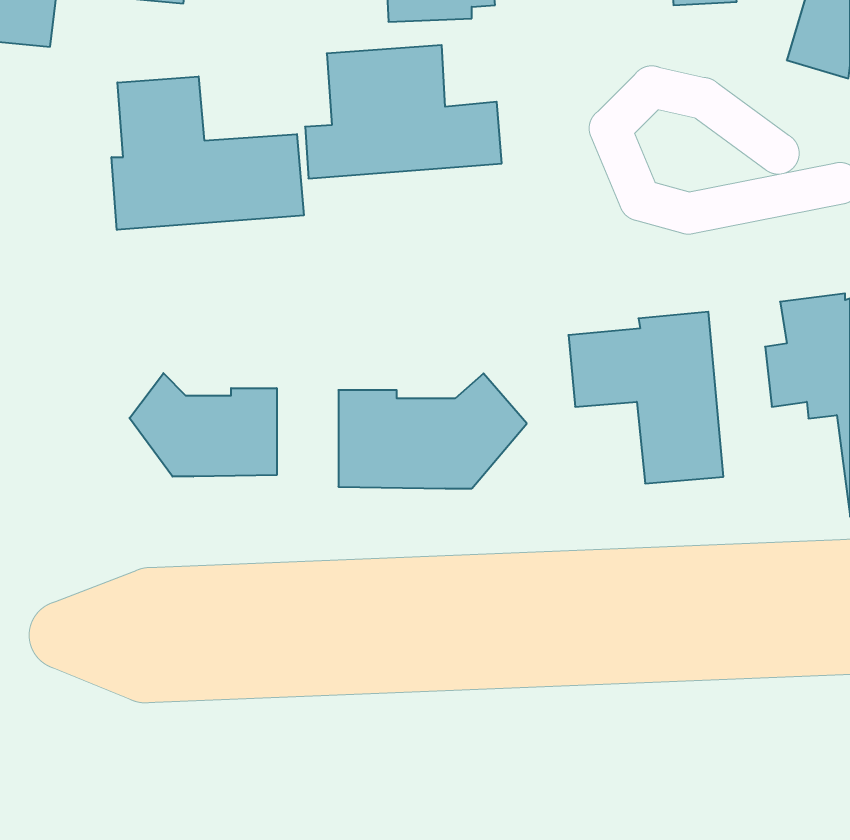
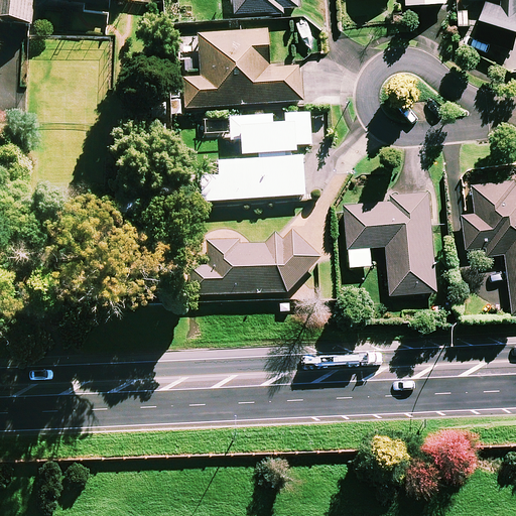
building: [112,76,304,230] -> none
building: none -> [201,112,311,201]
building: [129,373,277,477] -> none

